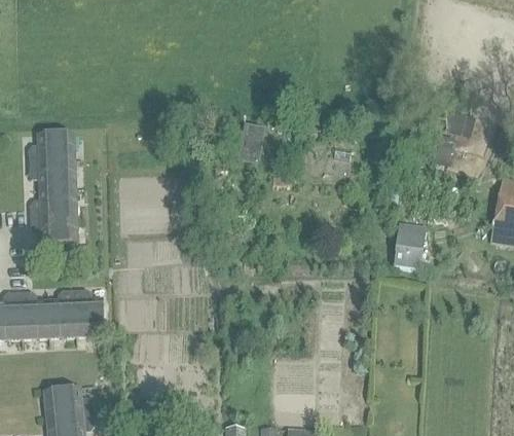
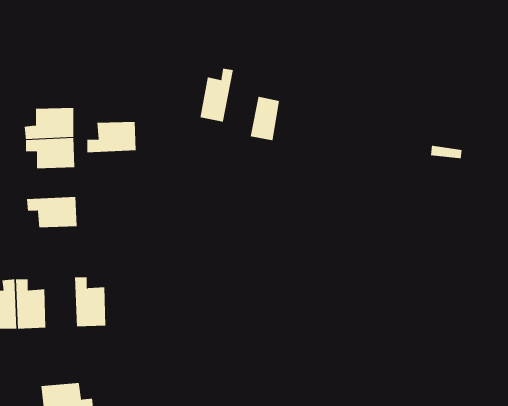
building: none -> [200,68,234,122]
building: [30,188,76,217] -> [87,122,137,153]
building: [393,222,426,270] -> none
building: [47,289,76,336] -> none

